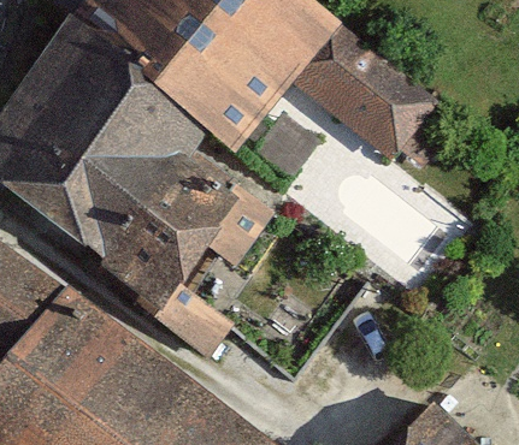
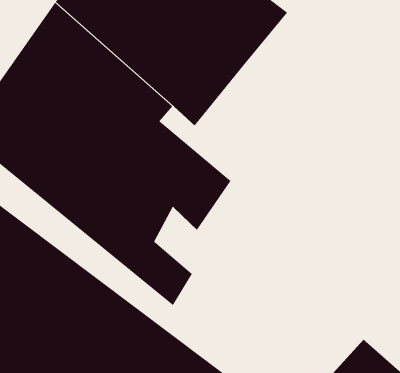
building: [294,25,440,165] -> none

